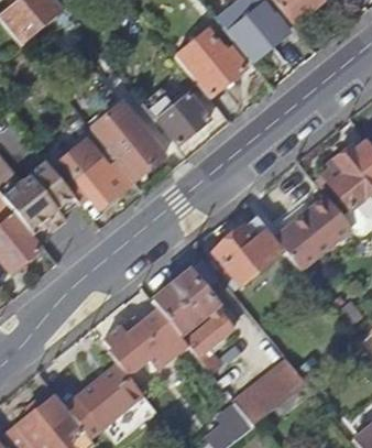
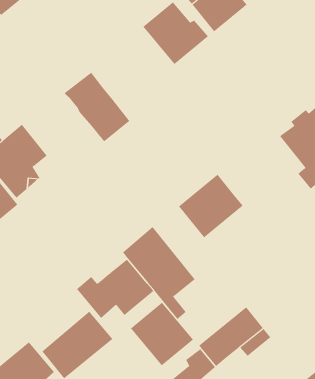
building: [143,92,209,144] -> none
building: [62,132,130,207] -> none
building: [275,195,353,271] -> none
building: none -> [130,302,194,366]

